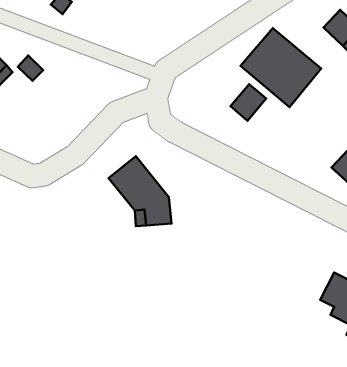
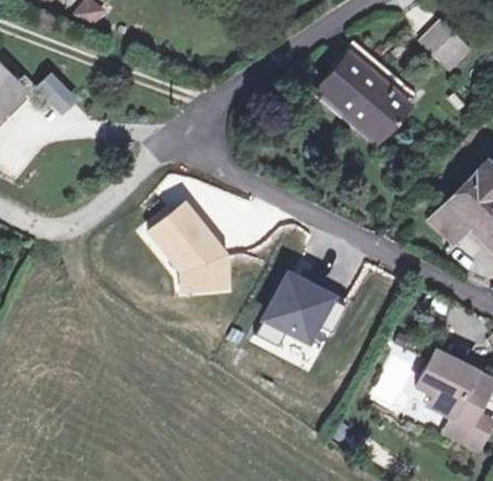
building: [230,84,266,121] -> none
building: none -> [255,277,345,349]

